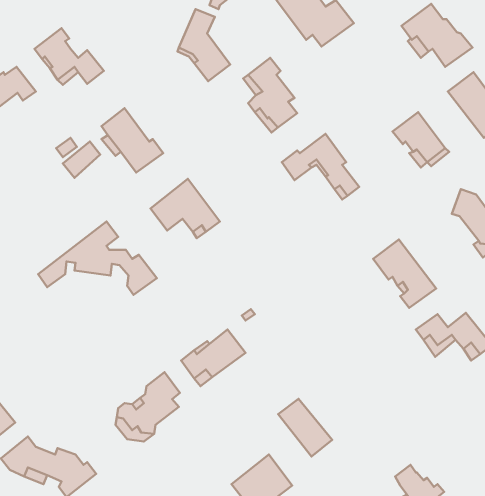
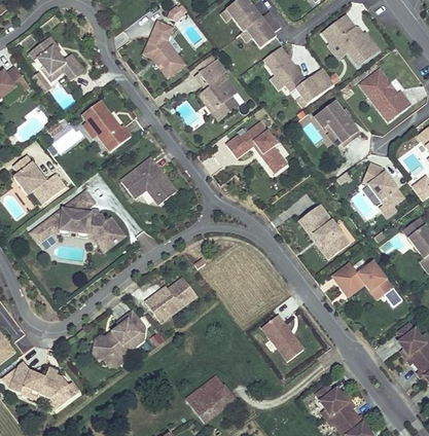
building: none -> [263,47,334,105]
building: none -> [13,153,67,204]
building: none -> [53,221,108,250]
building: [278,399,332,457] -> [261,314,305,360]

